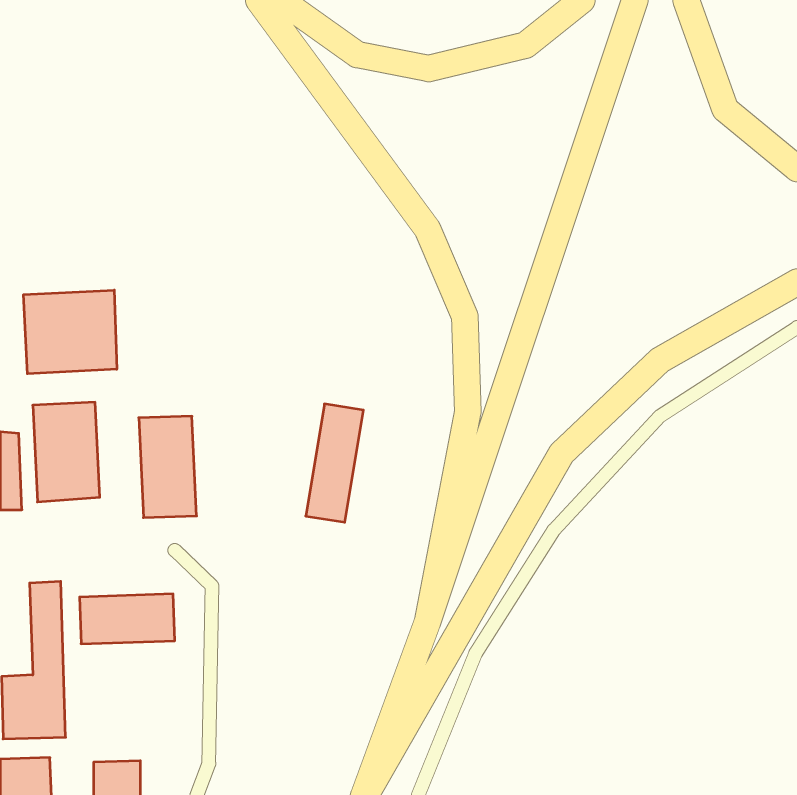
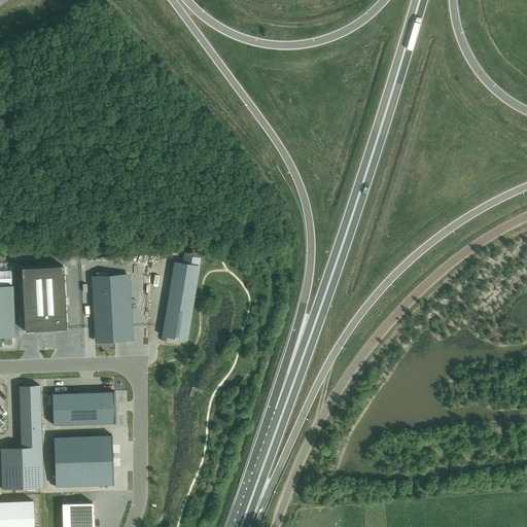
building: [24,290,117,374] -> none
building: [306,404,363,522] -> [162,262,200,341]
building: none -> [54,436,113,488]

